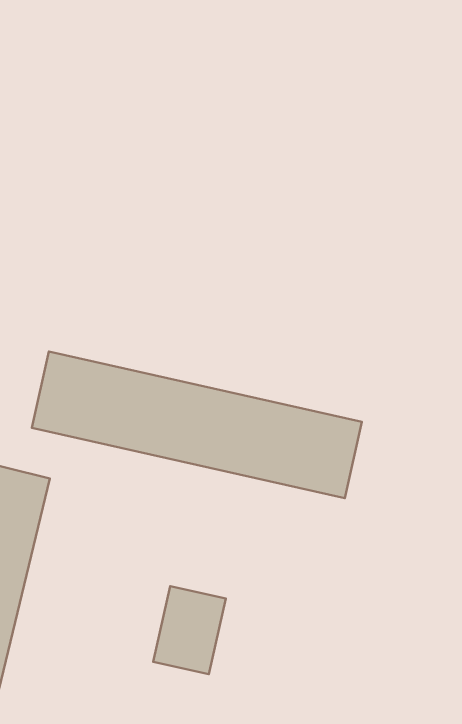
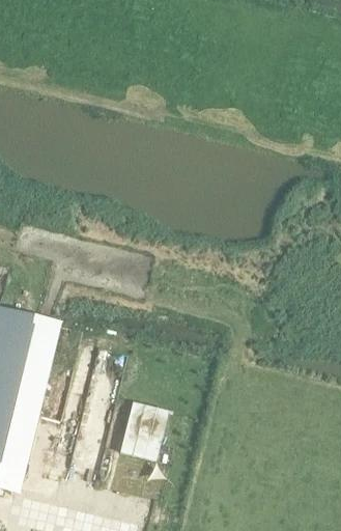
building: [32,351,362,498] -> none

